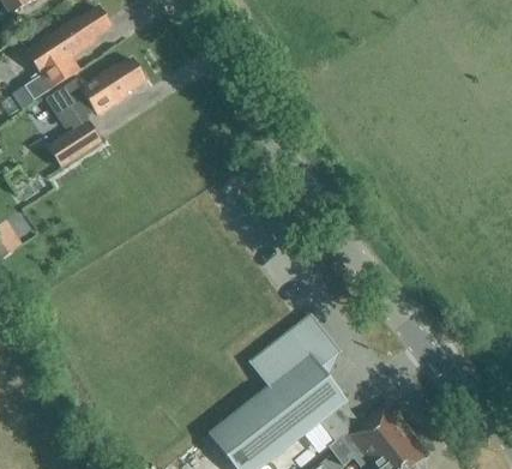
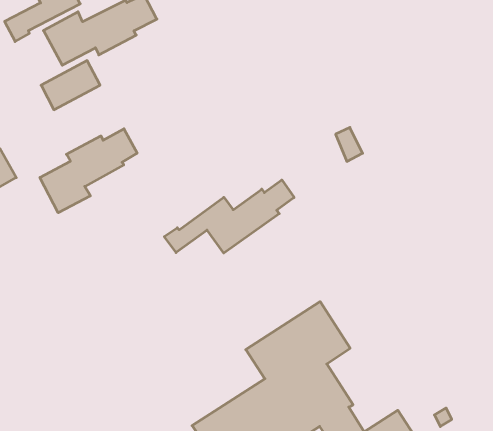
building: none -> [40,129,137,213]
building: none -> [164,180,294,253]

